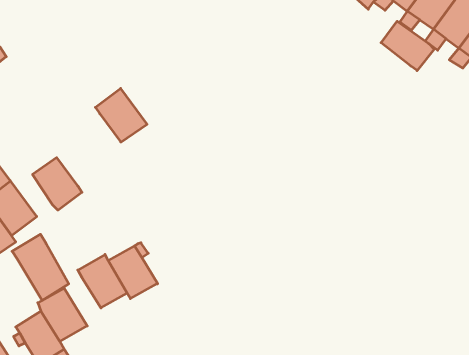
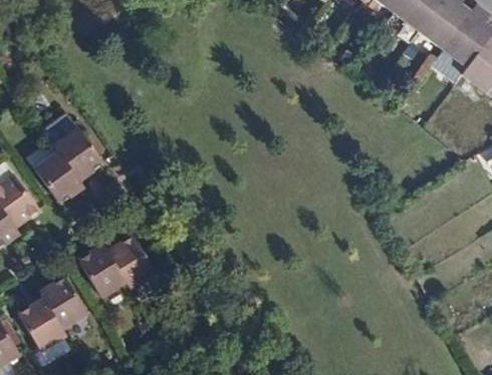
building: [381,21,434,71] -> none
building: [95,88,147,142] -> [54,127,103,178]
building: [12,234,69,300] -> none

